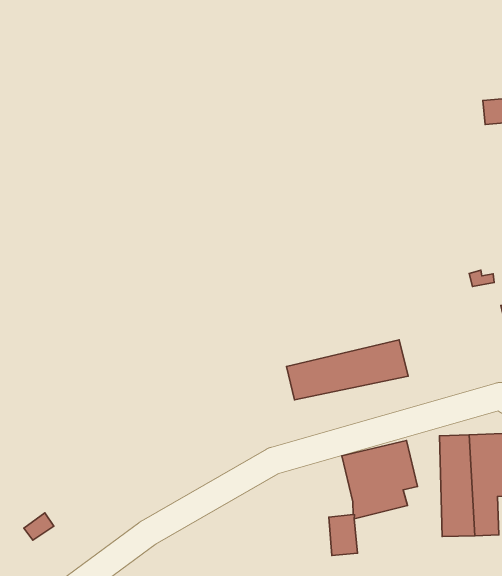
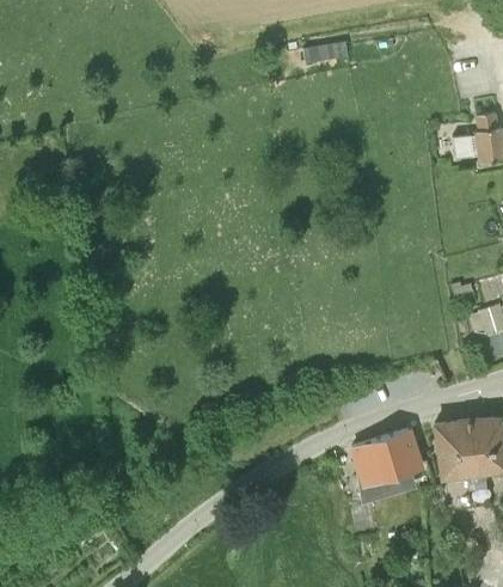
building: [287,340,408,400] -> none

